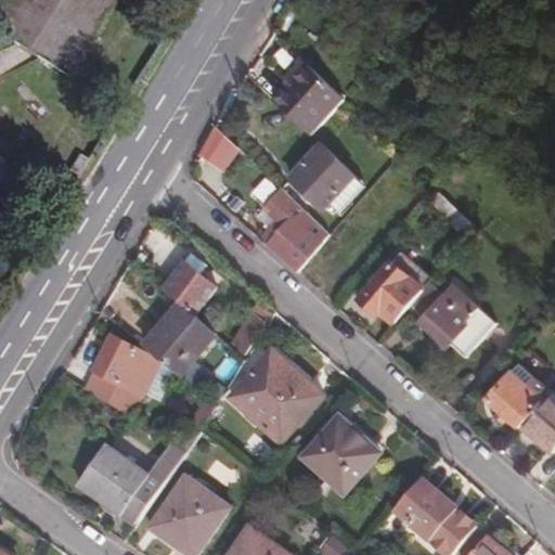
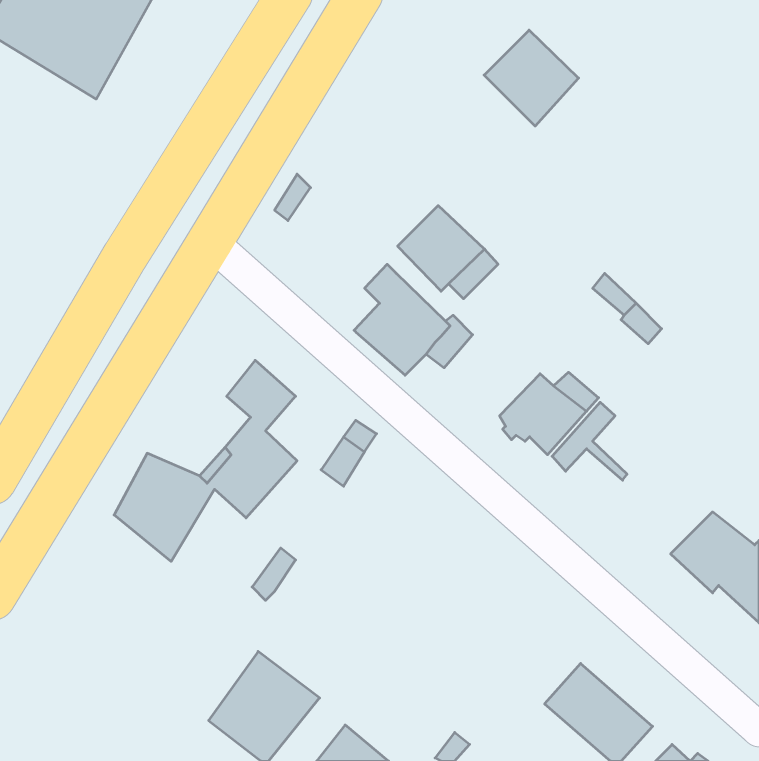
building: [267,66,335,135] -> [484,30,579,126]
building: [428,292,496,362] -> none
building: [234,349,320,439] -> none
building: [302,416,377,491] -> none
building: [80,441,180,520] -> none

